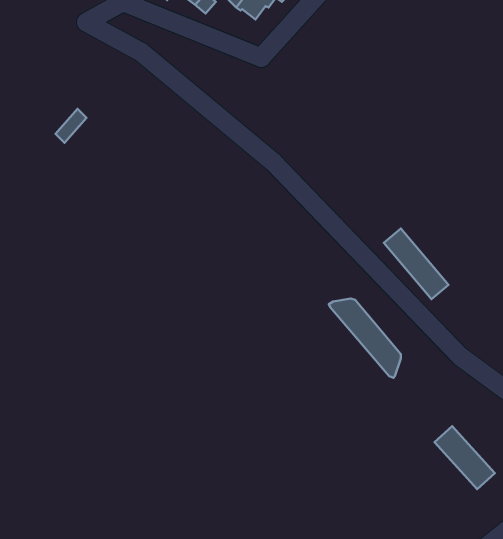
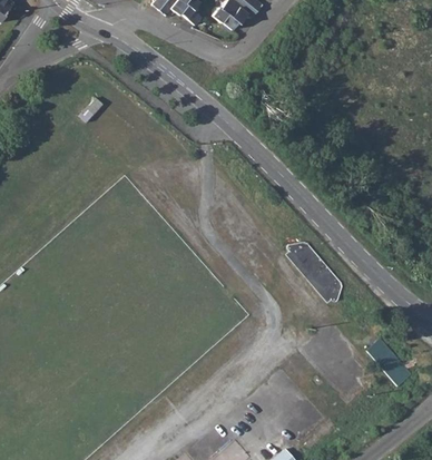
building: [384,229,449,299] -> none

